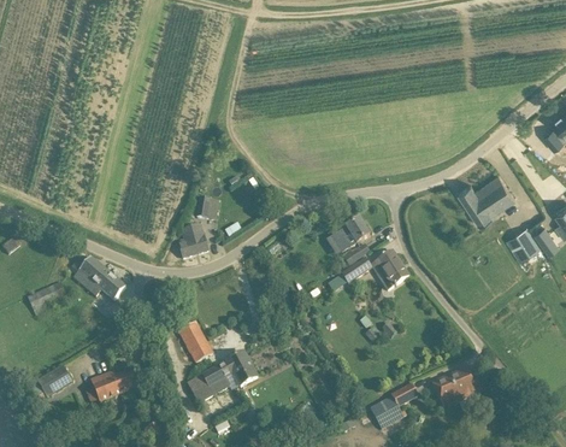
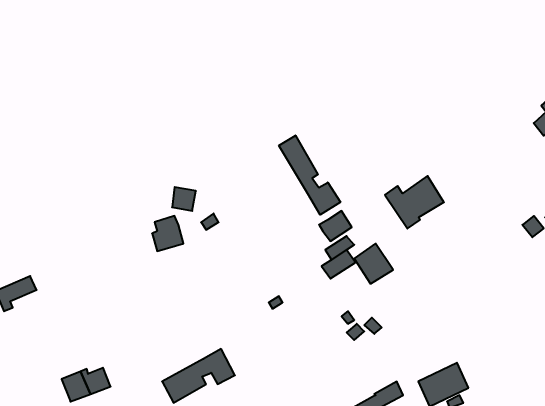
building: none -> [279,135,340,215]
building: [458,171,514,222] -> [385,176,444,229]
building: [506,224,538,258] -> none
building: [70,253,125,299] -> none
building: [178,320,212,361] -> none
building: [36,364,72,396] -> none

